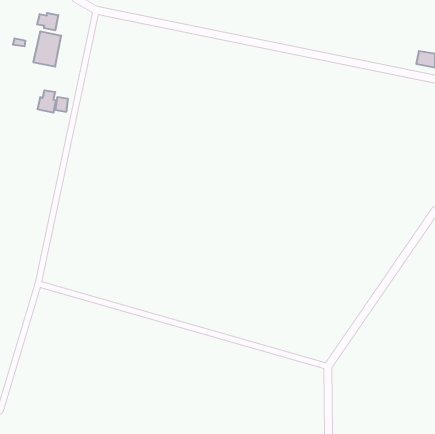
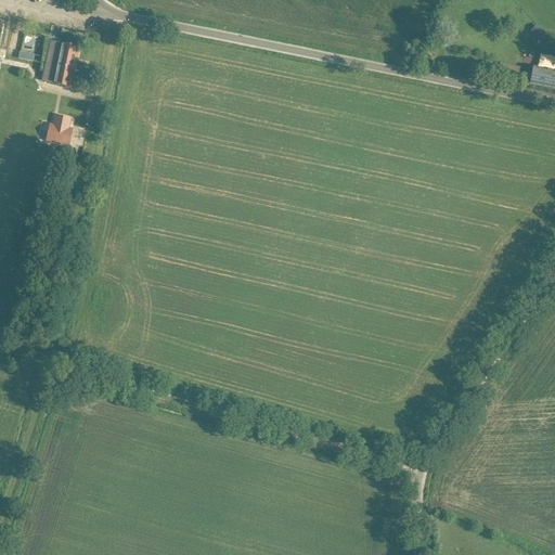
building: [37,13,58,30] -> none

